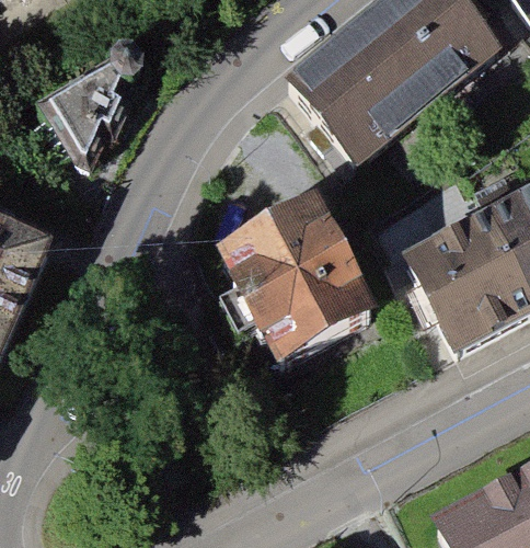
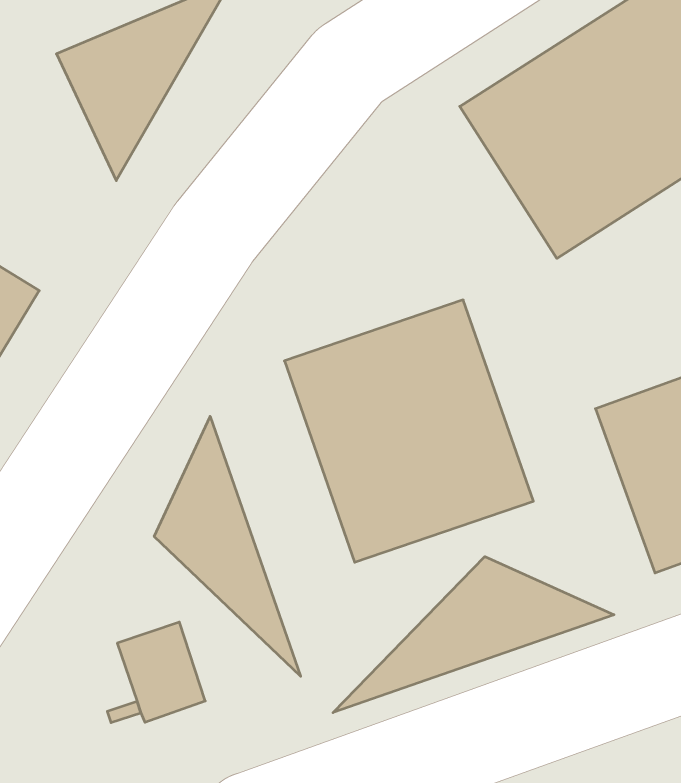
building: none -> [154,416,301,676]
building: none -> [333,557,614,713]

